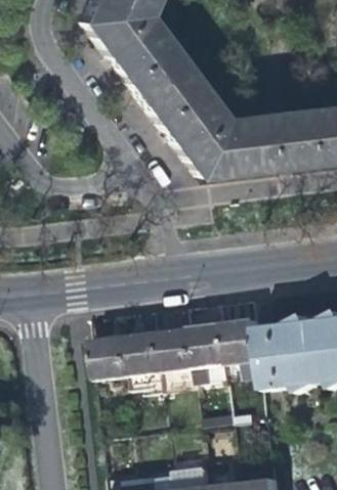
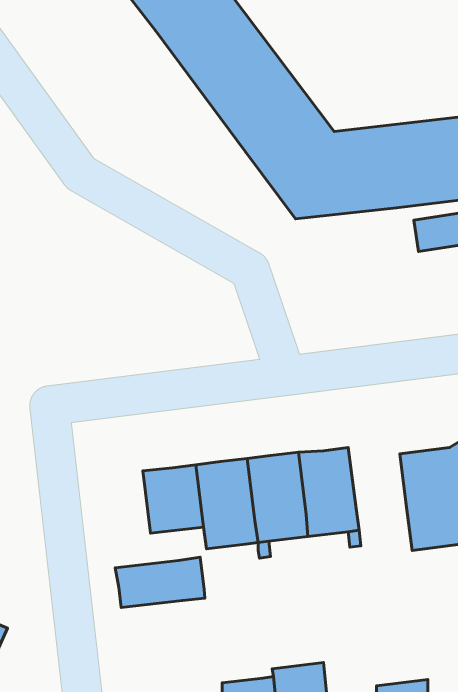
building: [236,321,273,365] -> none
building: none -> [115,557,205,607]

